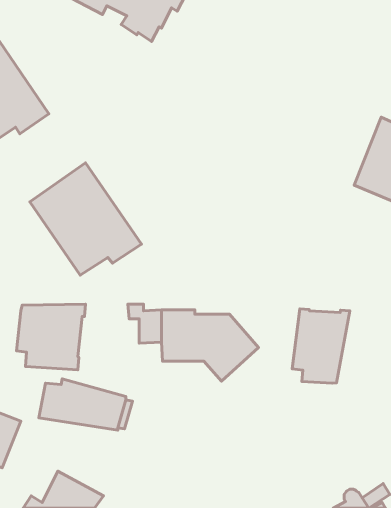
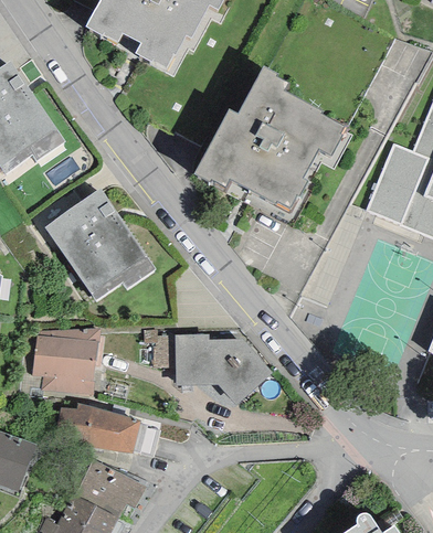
building: none -> [194,65,351,209]
building: [292,309,350,383] -> none
building: none -> [73,458,146,519]

